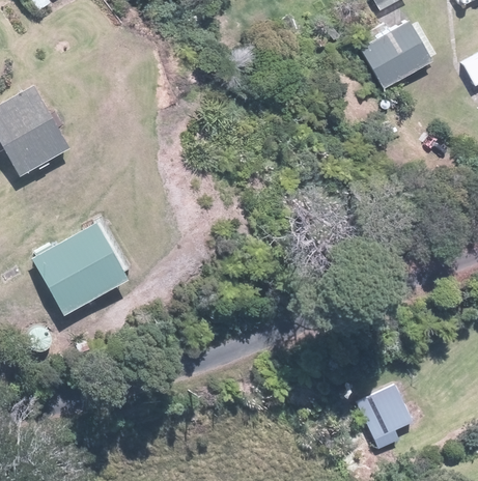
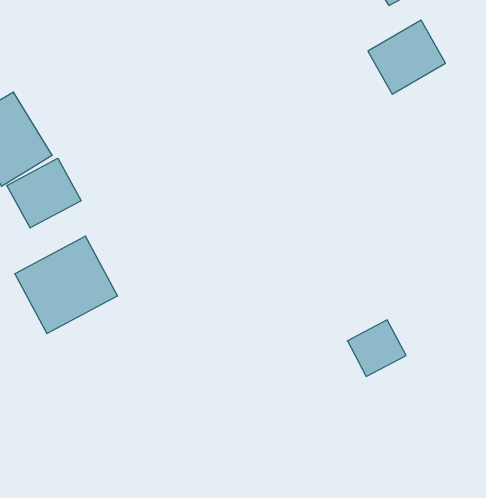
building: none -> [7,158,81,228]
building: [357,385,412,437] -> [347,320,406,376]

